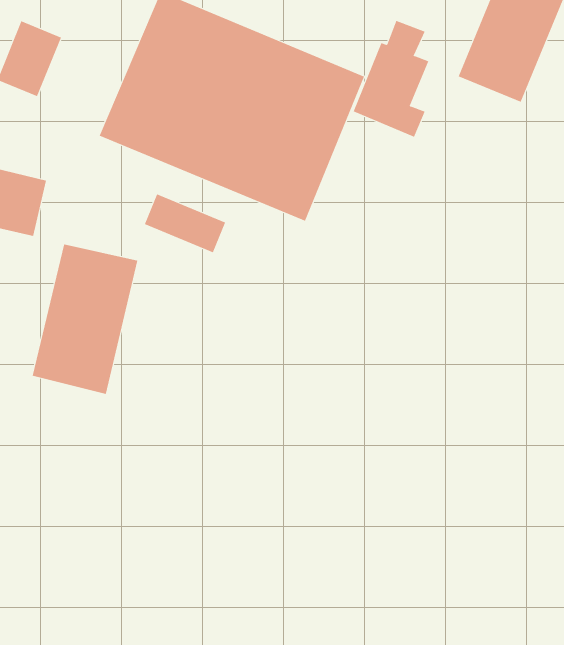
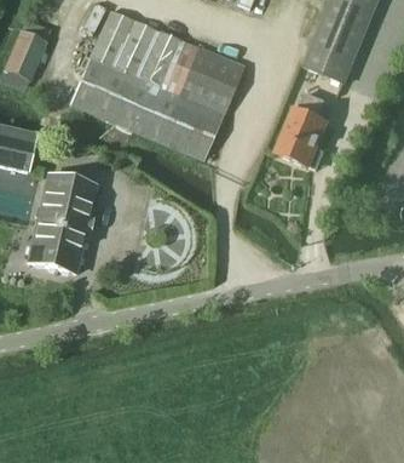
building: [353,20,429,137] -> [277,92,327,168]
building: [144,194,226,253] -> none

